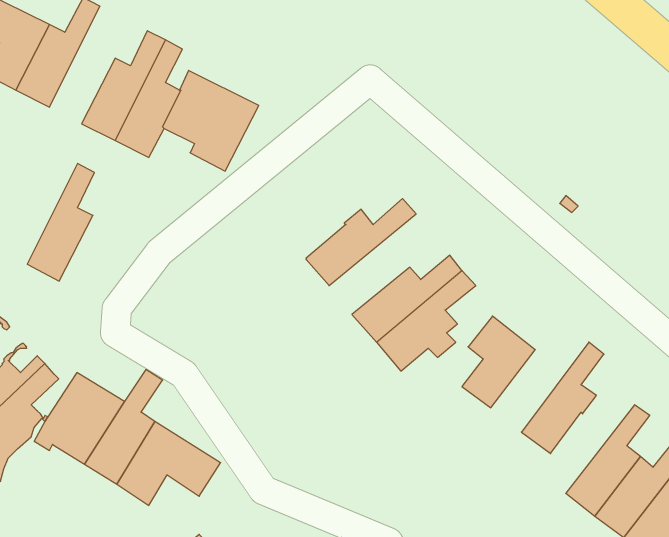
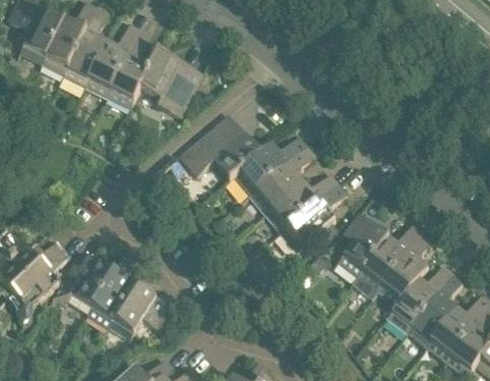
building: [27,163,94,281] -> [62,6,107,85]
building: none -> [178,113,259,179]
building: none -> [248,145,314,212]
building: none -> [350,222,421,298]
building: none -> [385,264,451,331]

